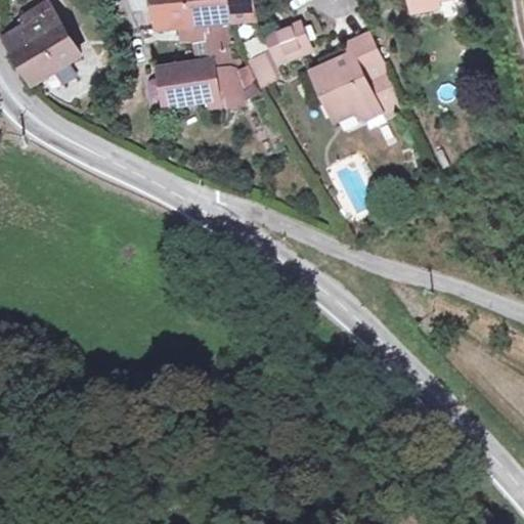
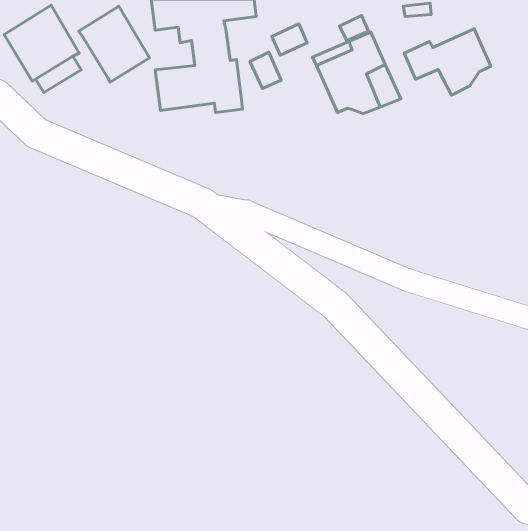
building: none -> [79,6,149,82]
building: none -> [404,29,491,95]

